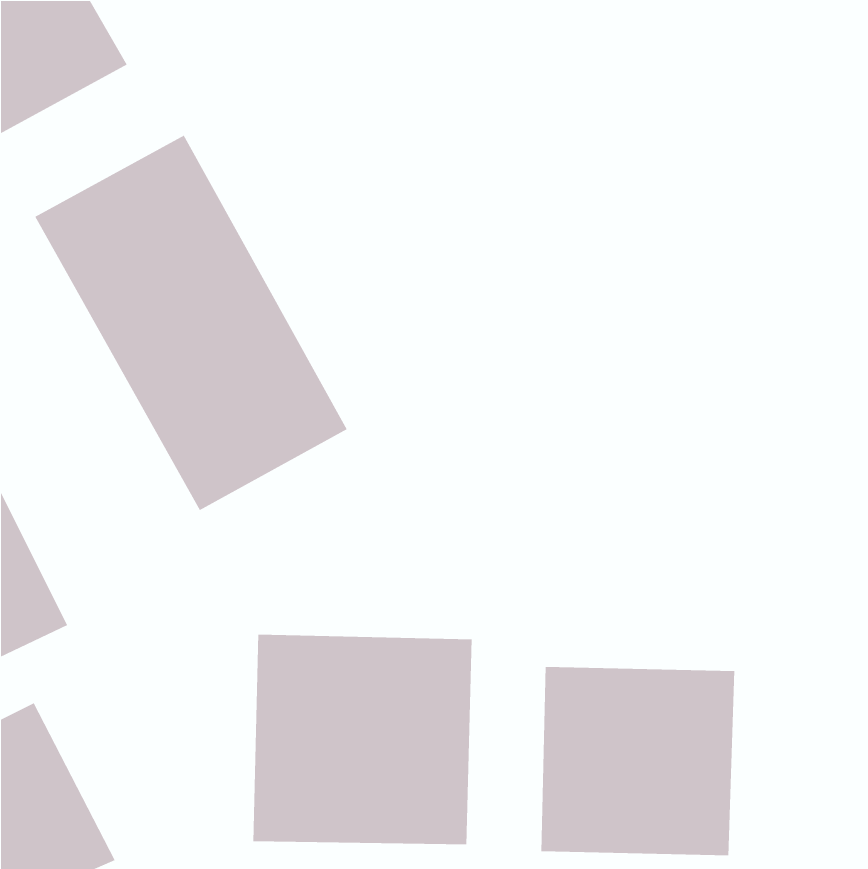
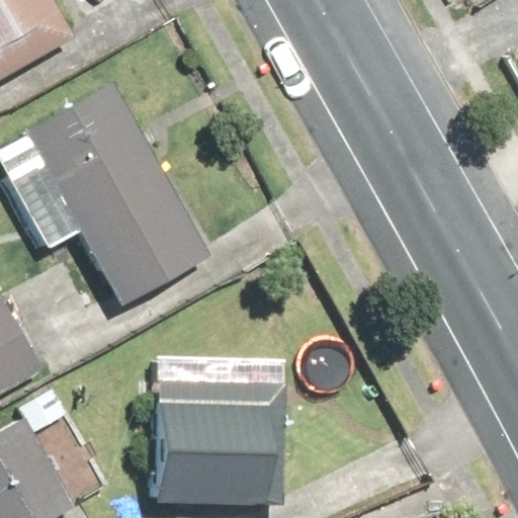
building: [540,666,735,856] -> none

